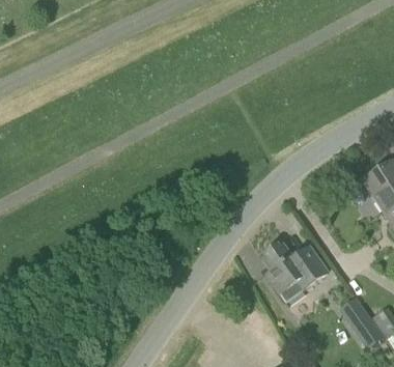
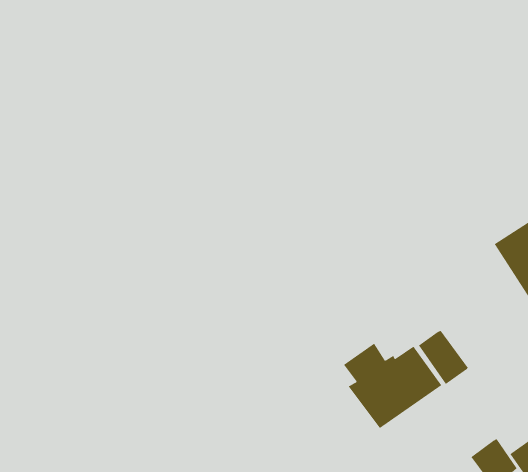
building: none -> [418,330,468,385]

